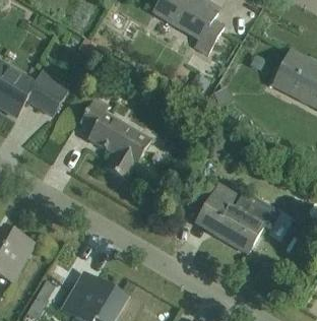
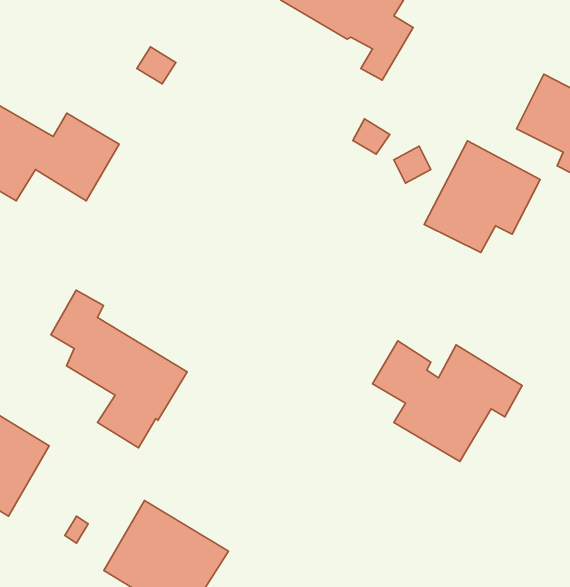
building: none -> [424,141,540,252]
building: [79,98,150,180] -> [51,290,187,448]

